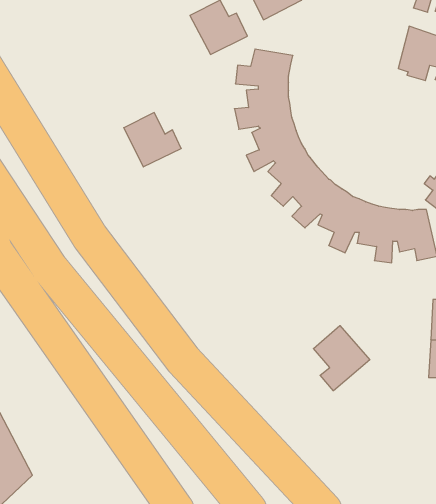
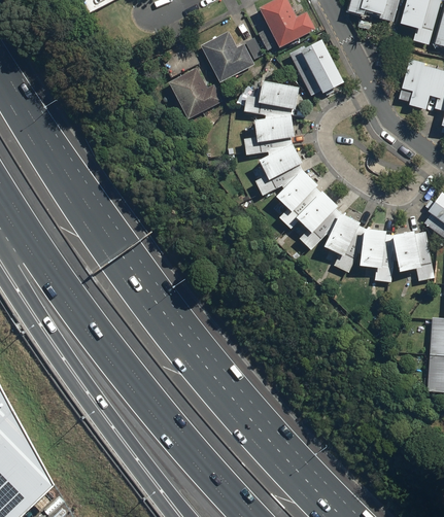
building: none -> [288,39,343,95]
building: [124,113,181,167] -> [168,68,223,119]
building: [313,326,370,391] -> none

